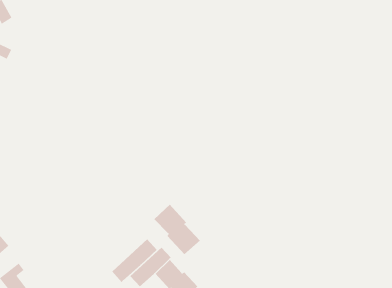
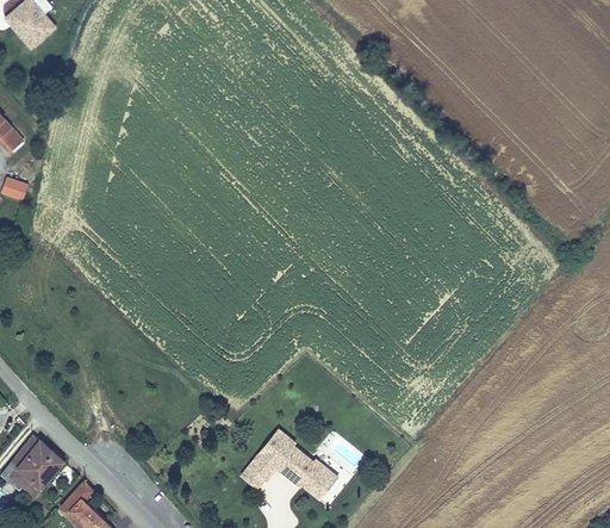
building: [153,204,201,255] -> none
building: [111,239,157,283] -> none

